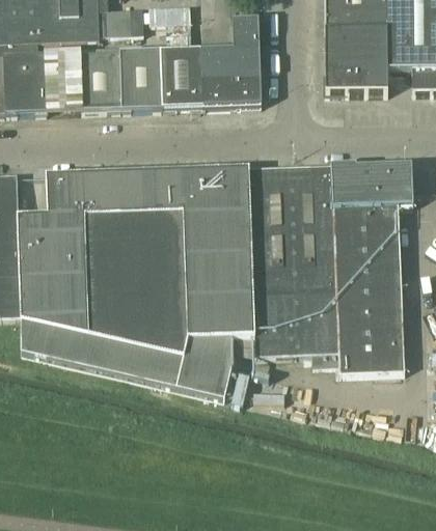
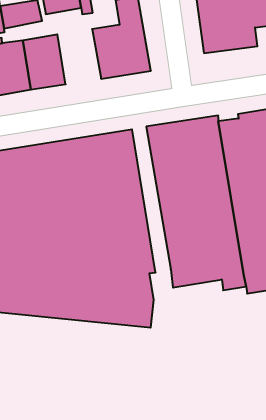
building: [159,47,202,106] -> none
building: [230,166,254,334] -> none

